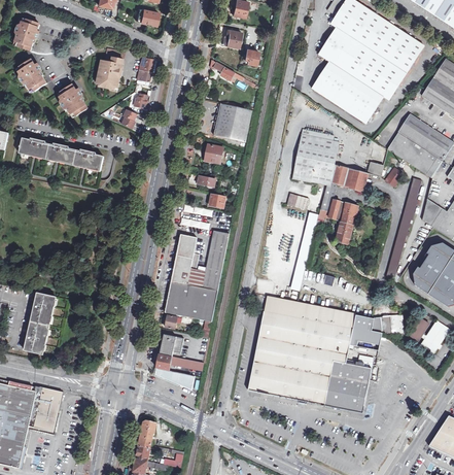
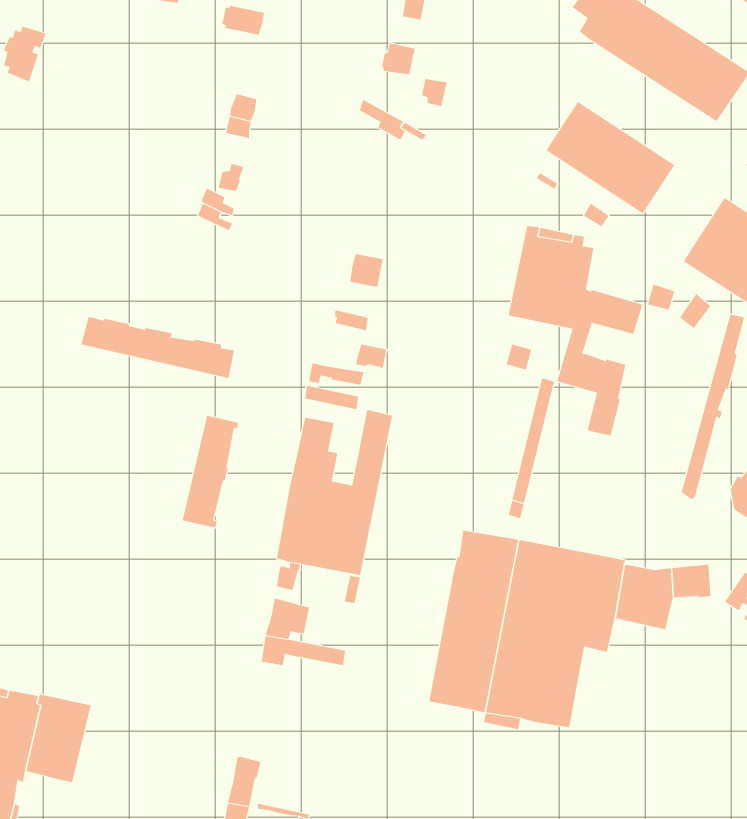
building: [318,27,406,99] -> none
building: [97,48,125,90] -> none
building: [19,59,46,90] -> none
building: [61,84,88,115] -> none
building: [215,103,251,141] -> none
building: [19,137,103,171] -> [81,316,235,378]
building: [24,293,55,354] -> [182,415,238,528]
building: [325,353,373,412] -> none
building: [154,368,194,389] -> none

